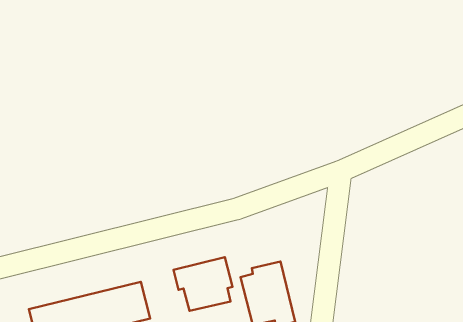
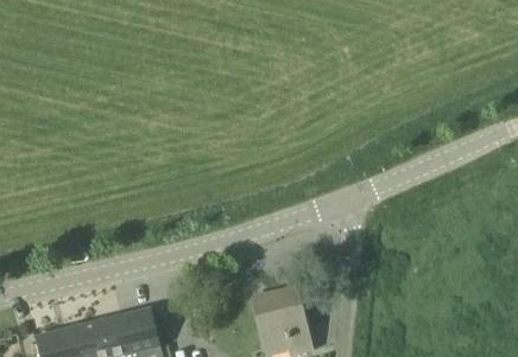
building: [174,257,232,311] -> none

